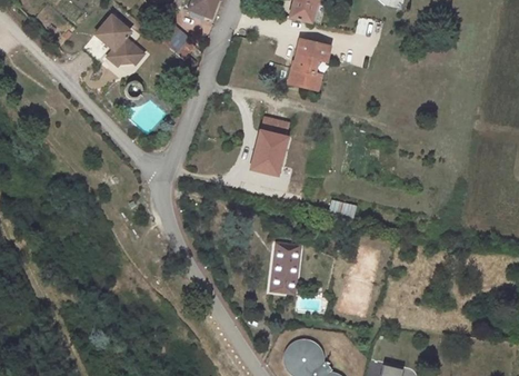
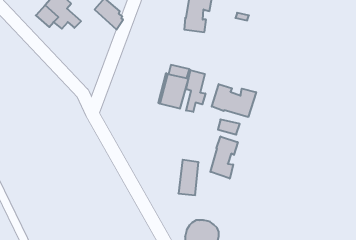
building: none -> [186,70,205,112]
building: none -> [212,84,256,117]
building: none -> [210,136,238,179]

